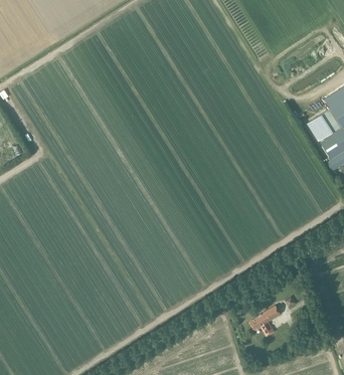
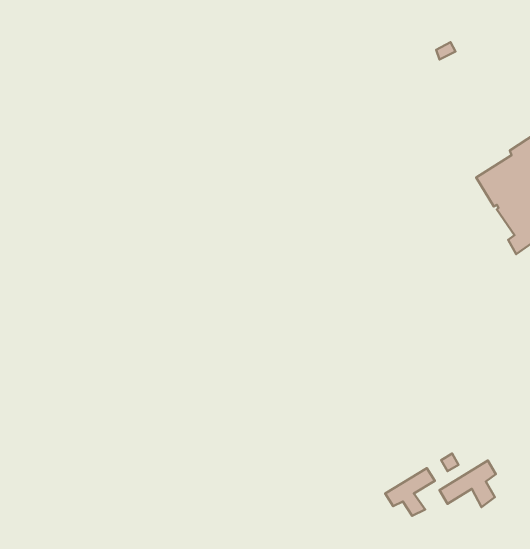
building: none -> [439,461,496,507]

